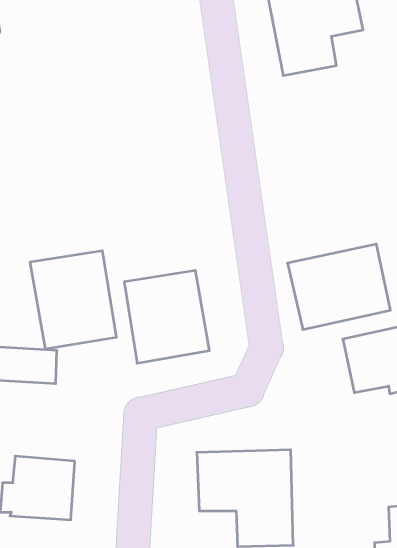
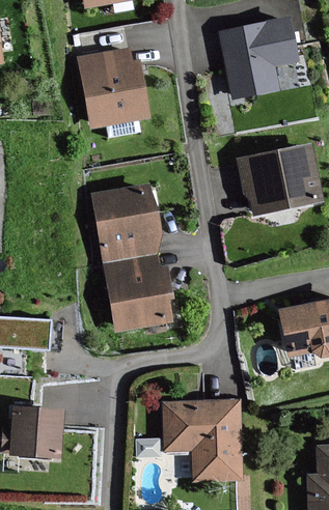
building: none -> [81,49,147,123]
building: [287,244,390,329] -> [237,144,321,214]
building: [30,251,116,349] -> [90,183,161,263]

